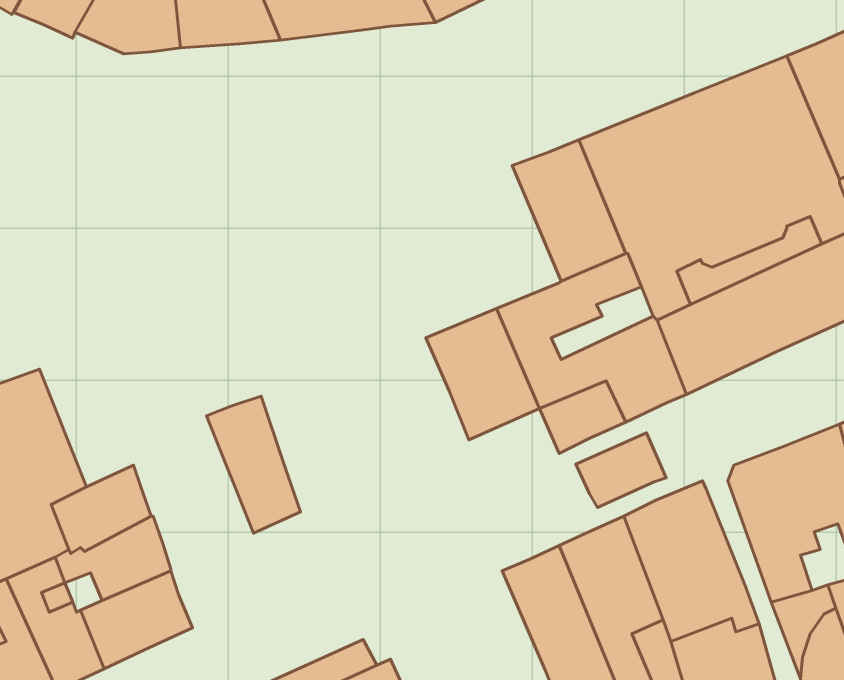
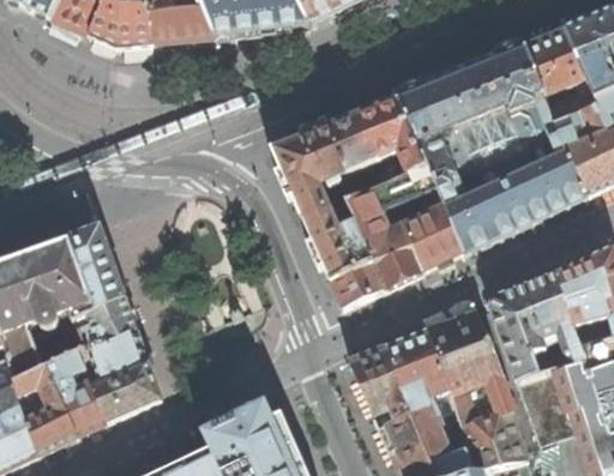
building: none -> [272,112,386,217]
building: [206,396,301,533] -> [67,224,125,308]
building: [576,433,666,507] -> [330,260,385,306]

